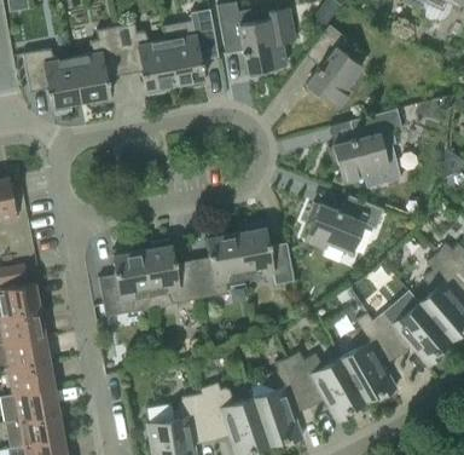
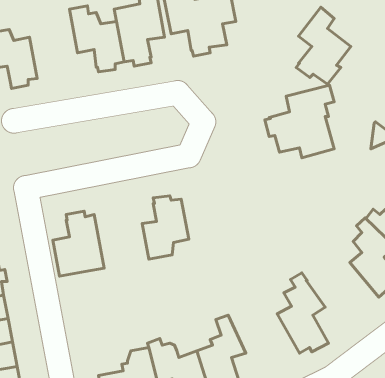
building: [303,24,362,108] -> [296,7,351,84]
building: [72,27,124,105] -> none
building: [304,195,383,253] -> none
building: [237,221,294,284] -> none
building: [143,238,202,321] -> none
building: [372,301,451,365] -> none
building: [288,351,365,421] -> none

